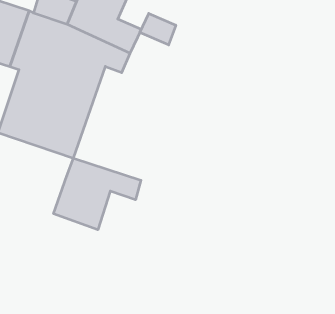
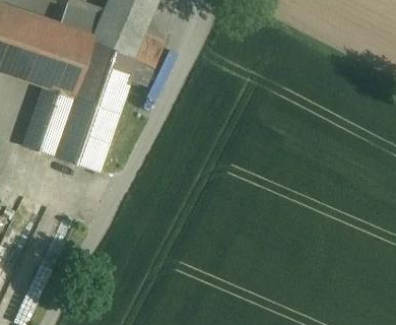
building: [140,13,176,45] -> none
building: [54,158,141,230] -> none

